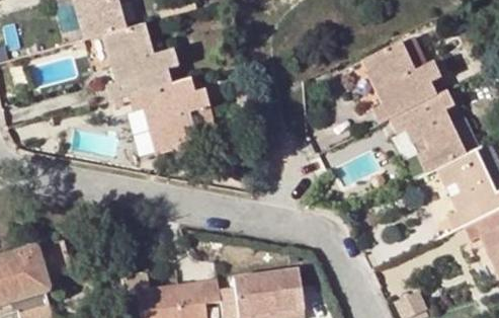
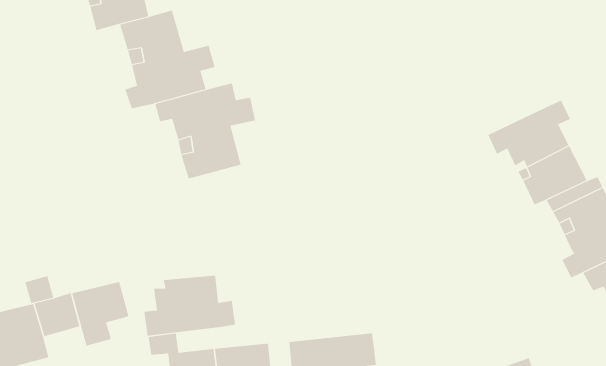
building: [362,37,439,122] -> none
building: none -> [144,275,235,336]
building: none -> [71,281,129,347]

